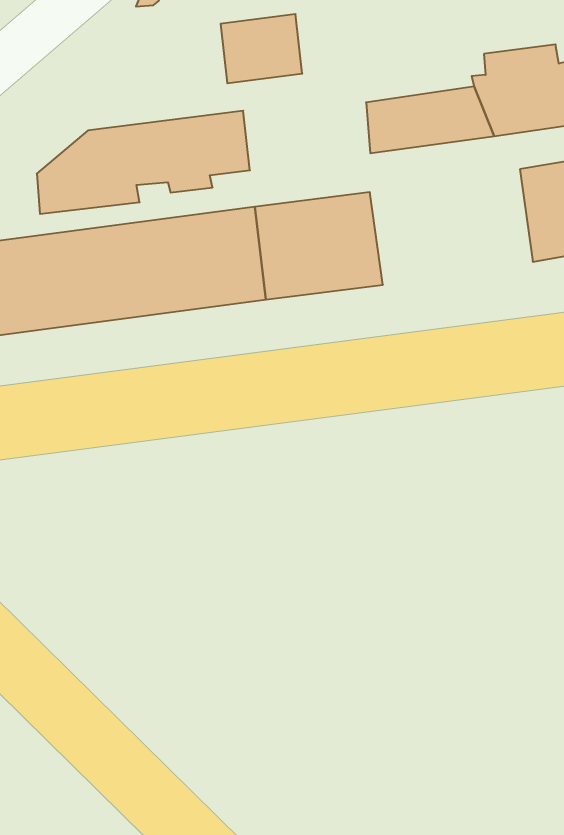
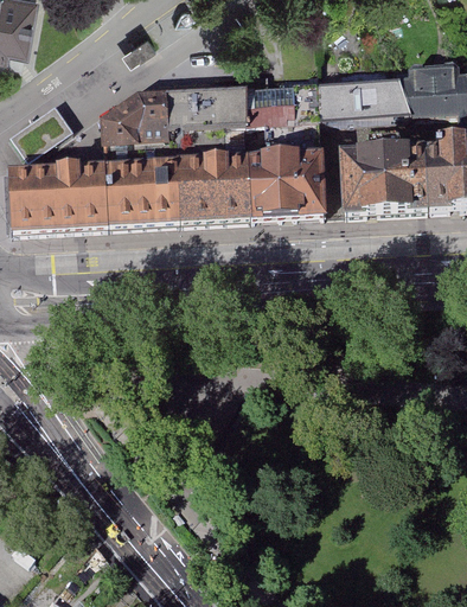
building: [221,14,302,83] -> [243,85,295,128]
building: none -> [340,142,429,211]

